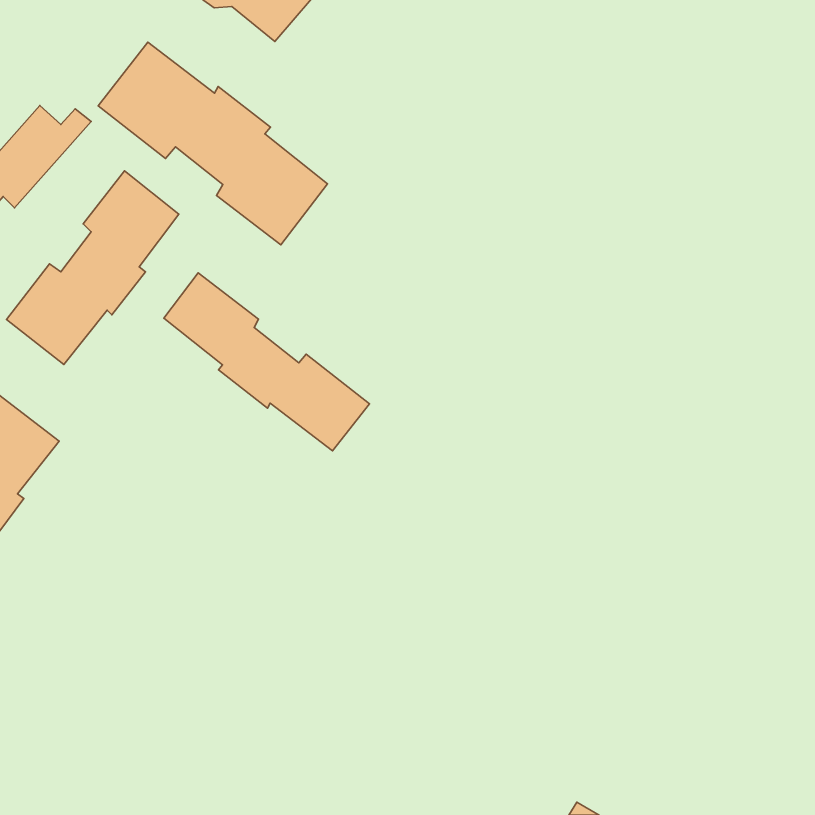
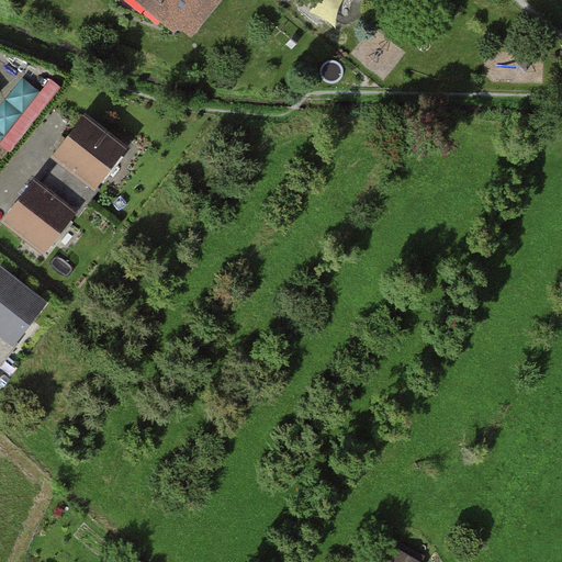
building: [98,42,327,245] -> none
building: [164,273,369,451] -> none

